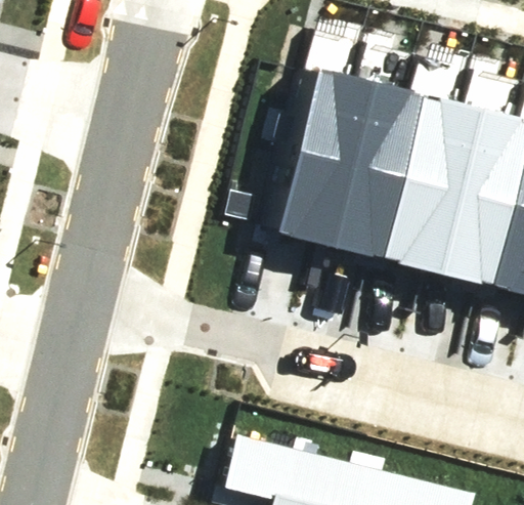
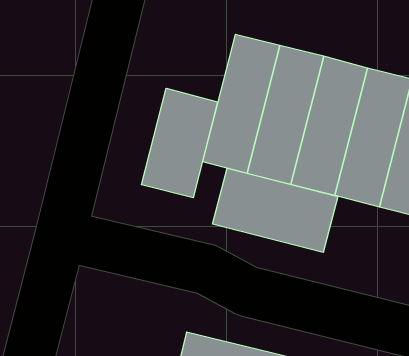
building: none -> [141,88,218,198]
building: none -> [213,168,338,252]

